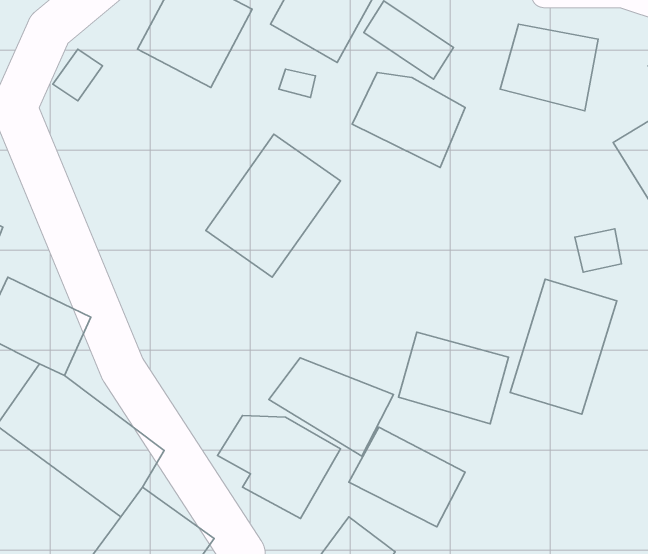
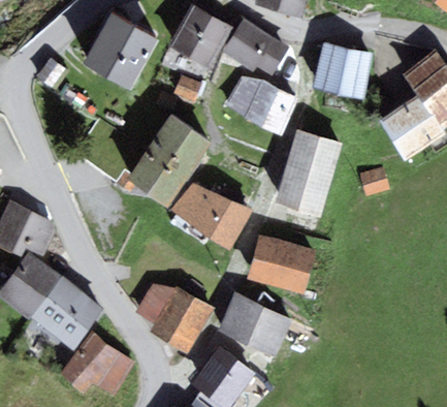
building: [510,279,617,414] -> [275,129,341,213]
building: [269,358,393,456] -> [172,185,250,246]

